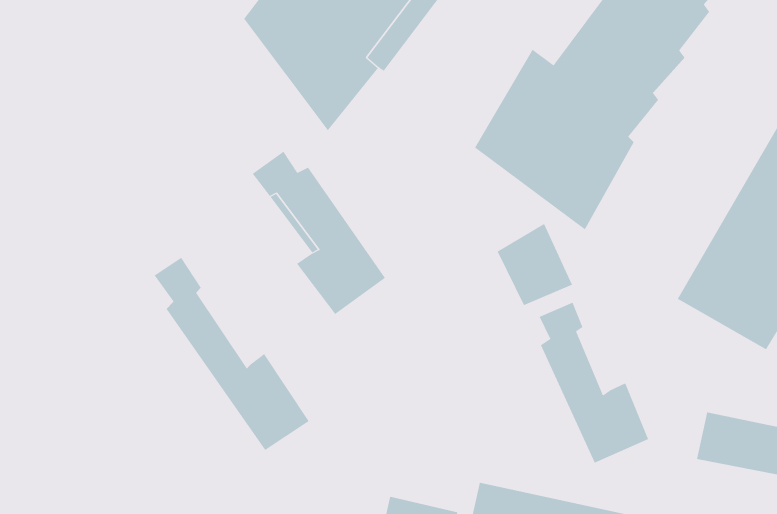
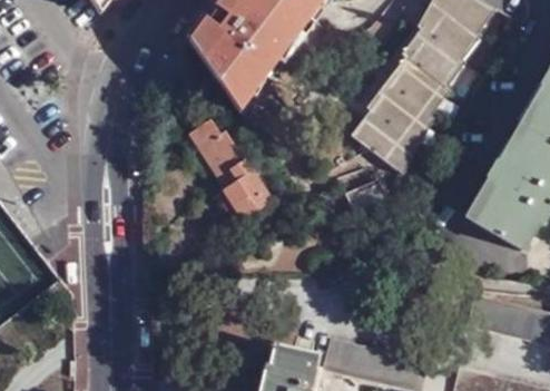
building: [154,257,309,451] -> none
building: [539,302,649,463] -> none

